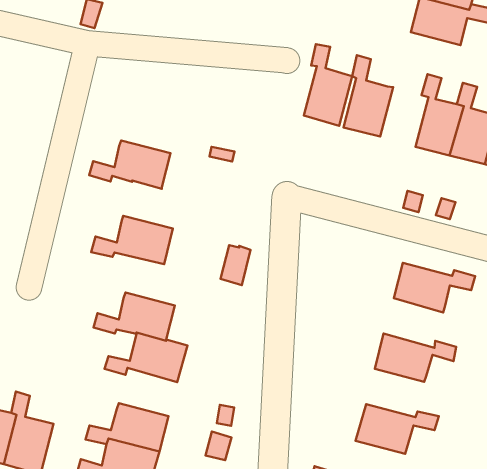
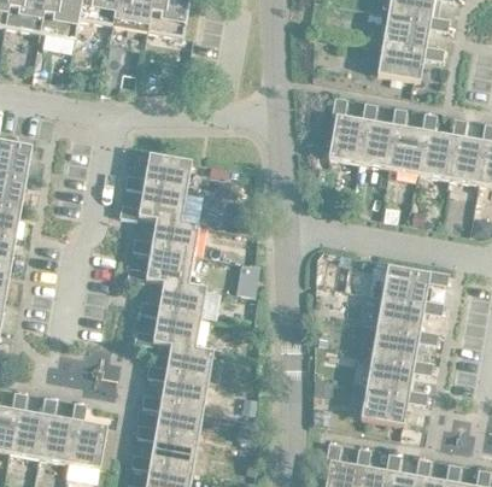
building: [304,44,352,126] -> [359,101,397,168]
building: none -> [124,152,192,190]
building: none -> [131,216,199,253]
building: none -> [139,280,206,317]
building: none -> [376,295,444,334]
building: none -> [141,372,207,410]
building: none -> [367,356,433,393]

